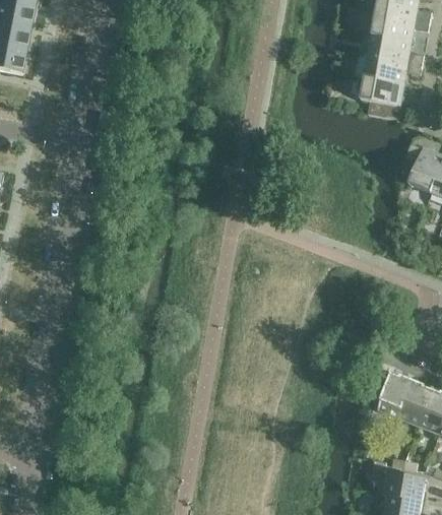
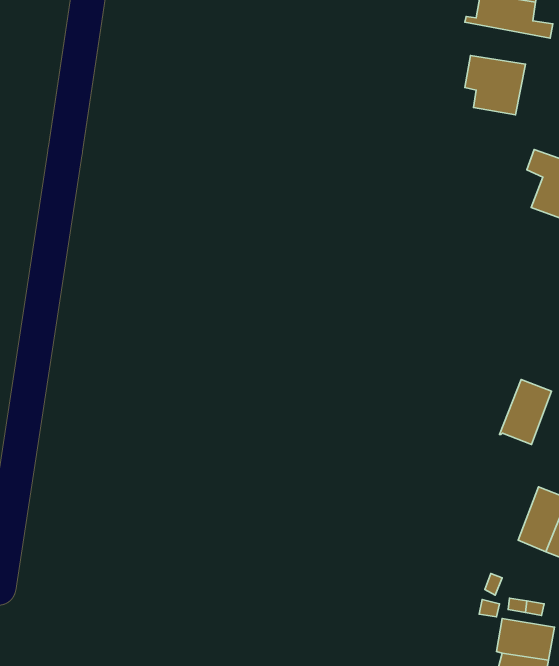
building: [361,54,422,83] -> none
building: [377,372,414,417] -> [500,379,552,445]

